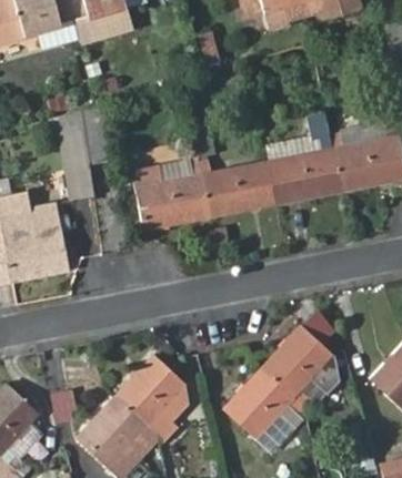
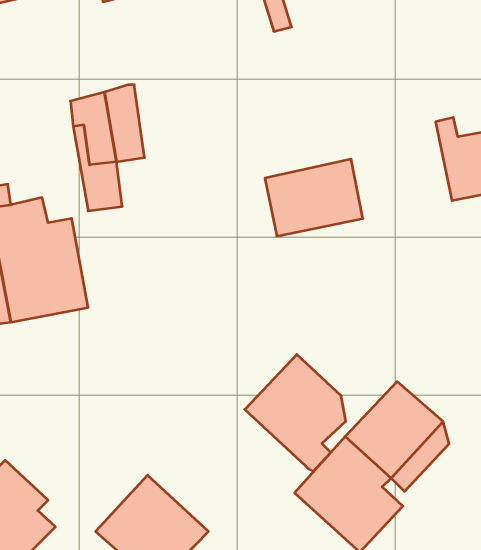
building: [265,112,341,204] -> none
building: [131,159,210,230] -> none
building: [113,355,189,443] -> [245,354,346,472]

